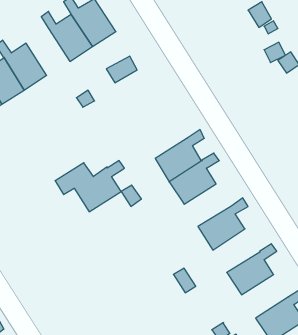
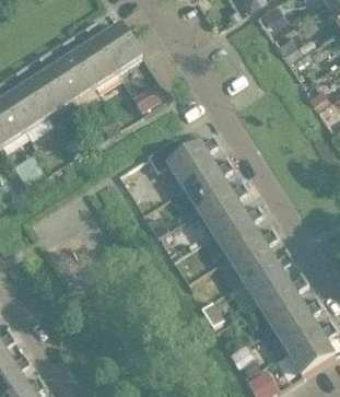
building: none -> [43,52,96,103]
building: [55,161,124,212] -> [149,136,220,188]
building: none -> [213,206,263,258]
building: none -> [243,253,293,305]
building: none -> [272,299,323,352]

